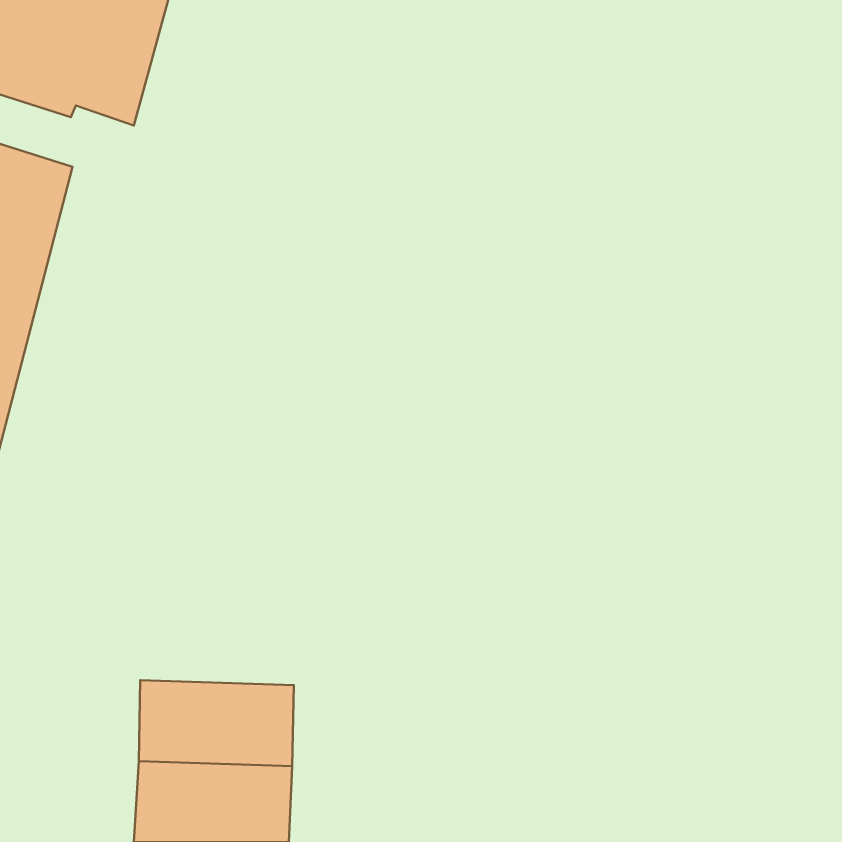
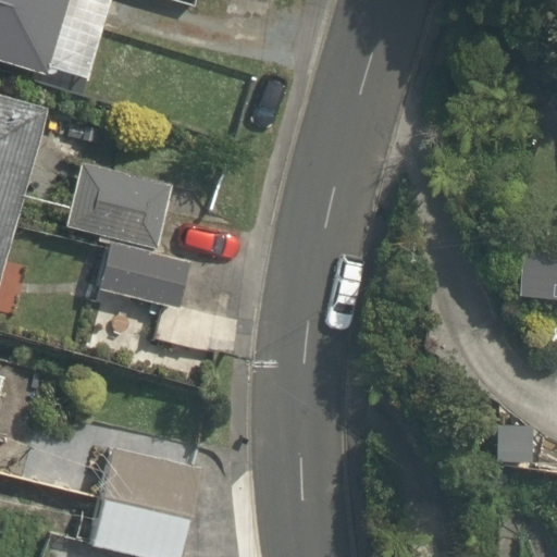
building: none -> [69,160,183,306]

